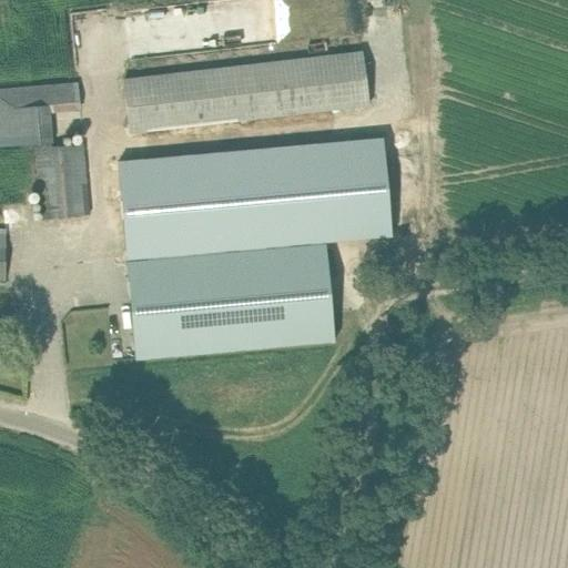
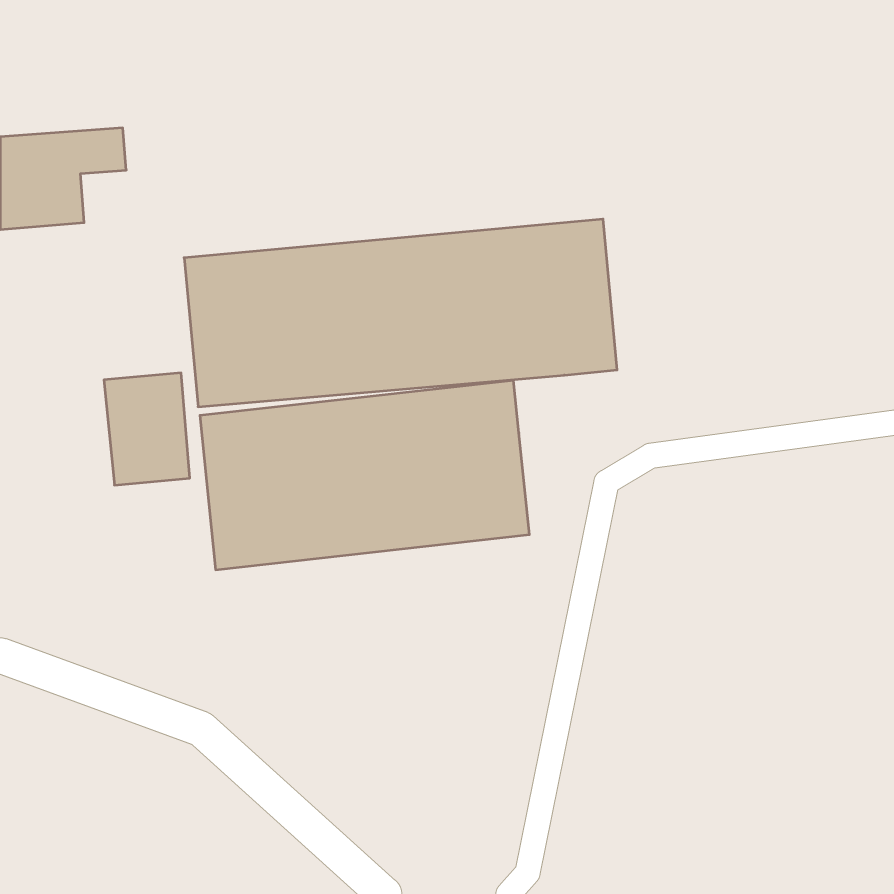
building: [124,49,367,132] -> none
building: [36,145,90,216] -> [104,373,190,485]

